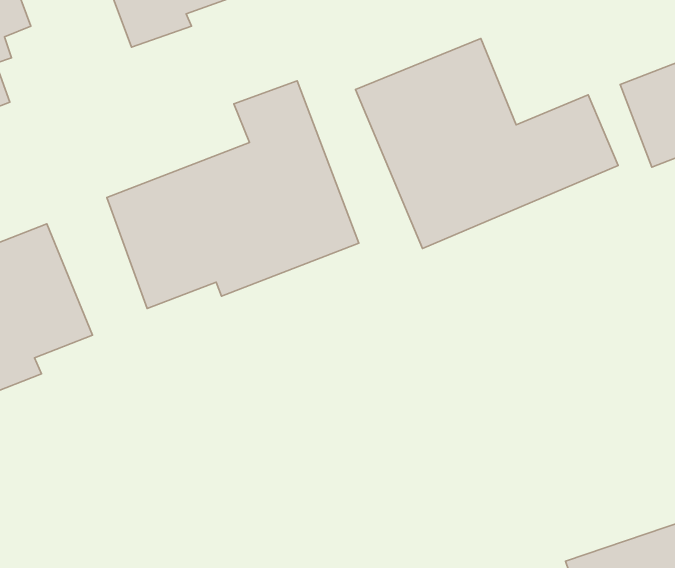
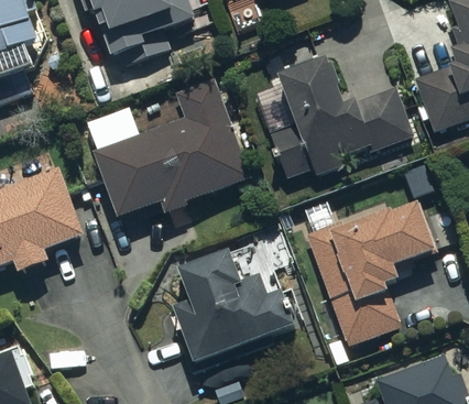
building: none -> [299,197,440,348]
building: none -> [173,249,295,364]

